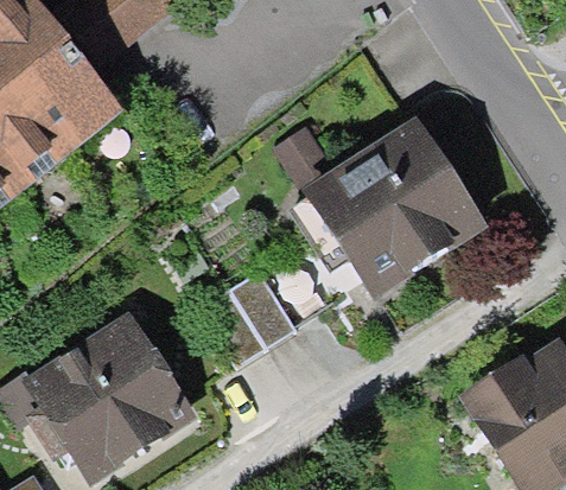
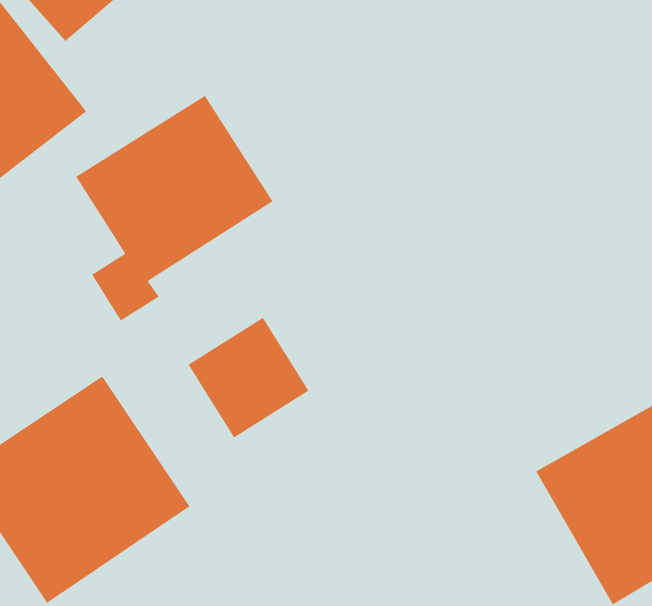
building: none -> [75,95,273,321]
building: [304,116,488,297] -> none

